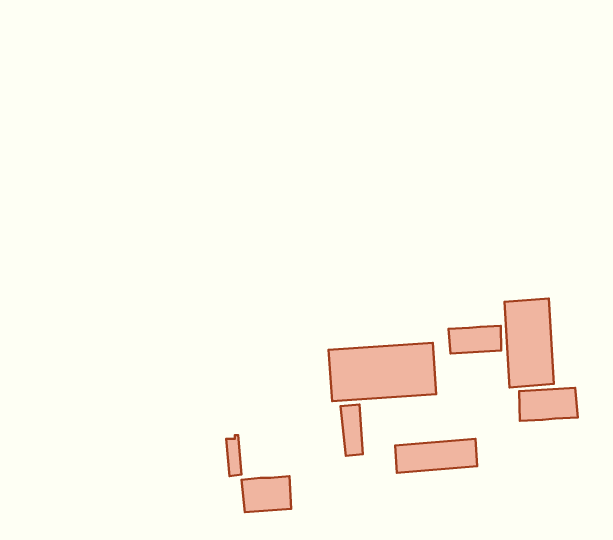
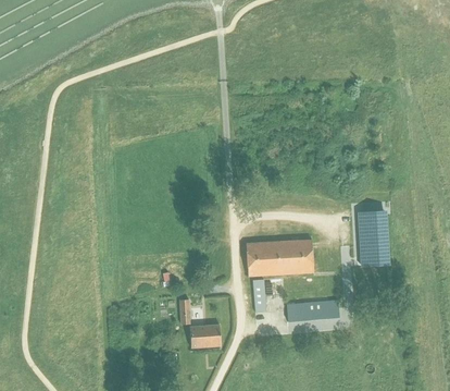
building: [448,326,501,354] -> none
building: [519,388,578,421] -> none

